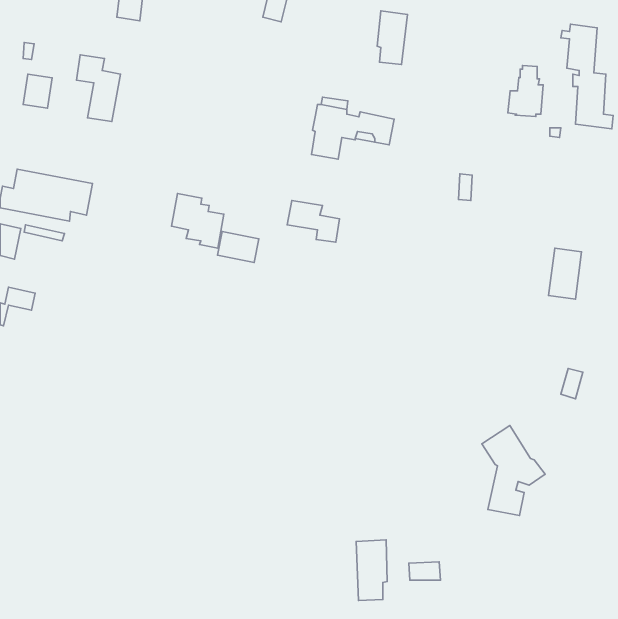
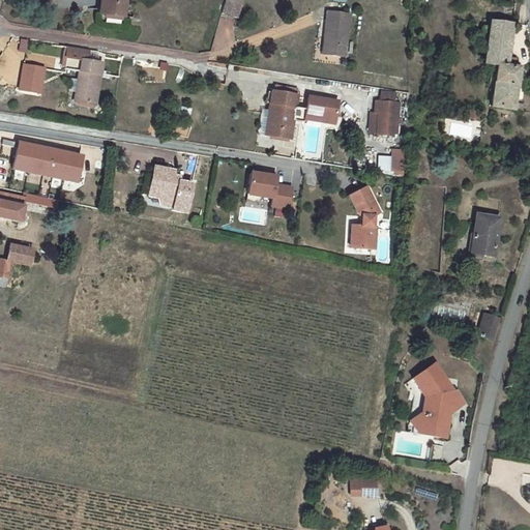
building: [508,65,543,116] -> [370,89,400,132]
building: none -> [350,185,381,247]
building: [218,231,259,263] -> none
building: [356,540,387,600] -> none

